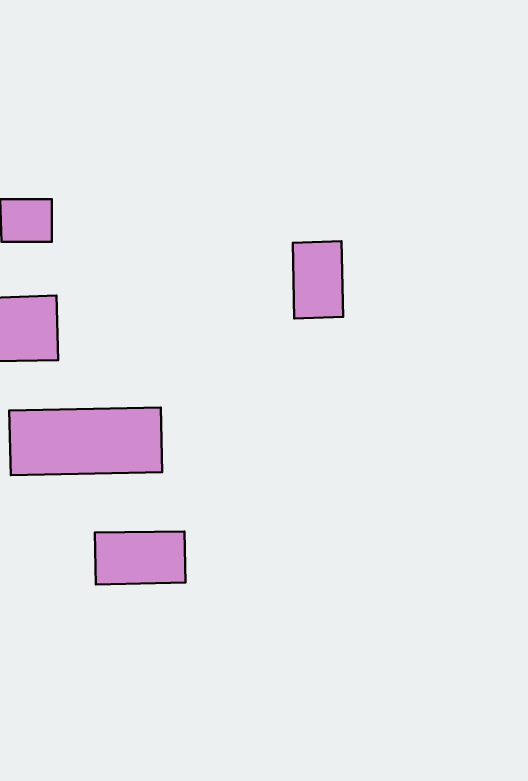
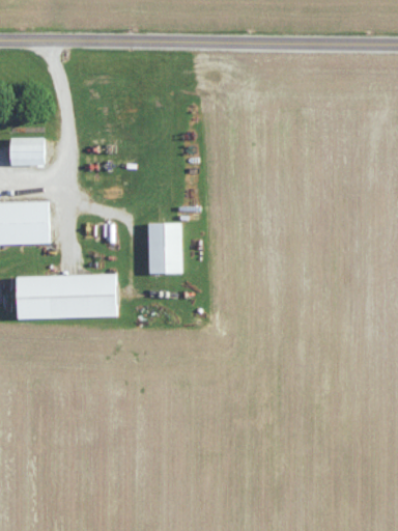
building: [293,241,343,319] -> [147,223,180,274]
building: [95,531,185,585] -> none

